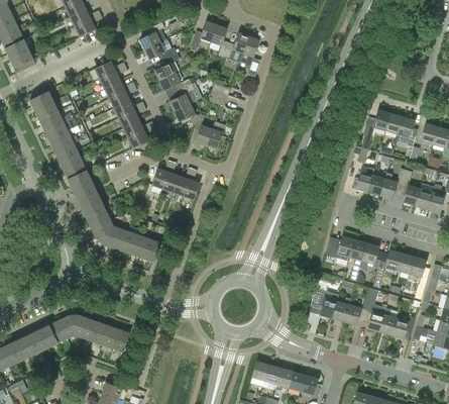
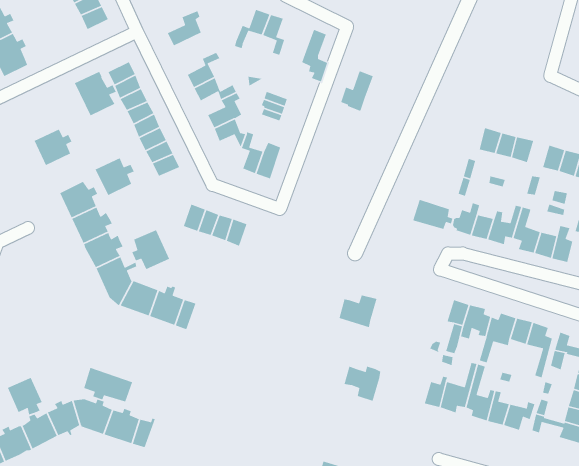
building: [224,32,249,64] -> [340,70,374,112]
building: [144,39,177,60] -> none
building: [27,86,60,120] -> [74,71,117,116]
building: [48,130,79,160] -> [94,157,135,196]
building: none -> [412,199,453,230]
building: none -> [131,229,170,270]
building: [325,236,354,262] -> [338,294,377,328]
building: none -> [83,367,133,403]
building: [310,291,338,318] -> [344,366,381,402]
building: none -> [7,377,43,415]

